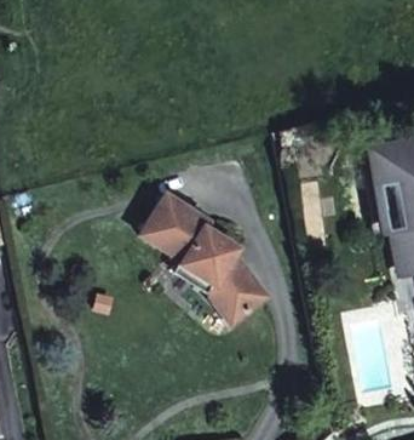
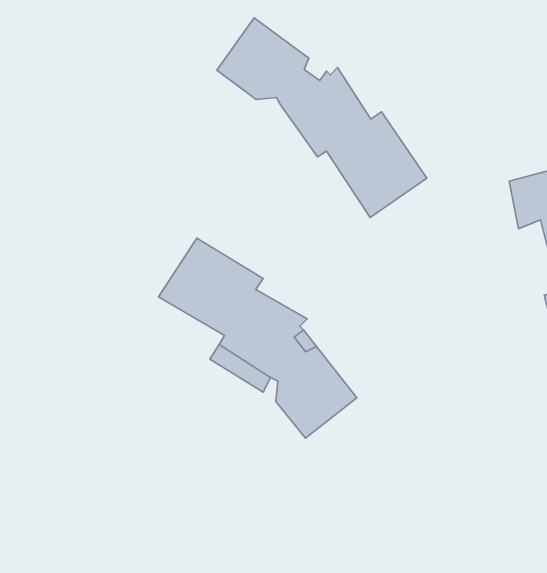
building: none -> [217,18,427,218]

